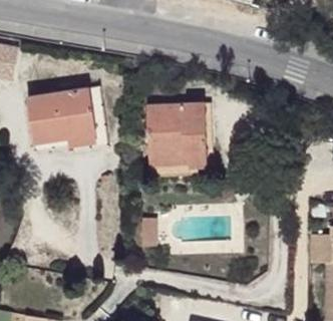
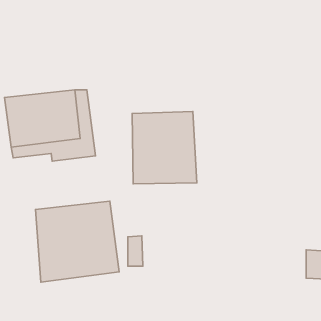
building: none -> [35,201,119,282]

